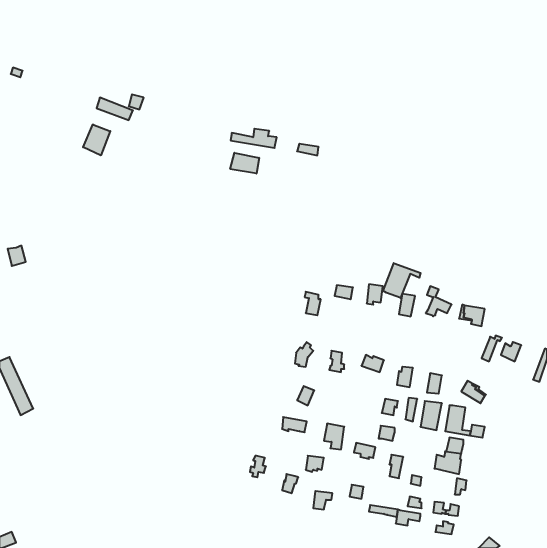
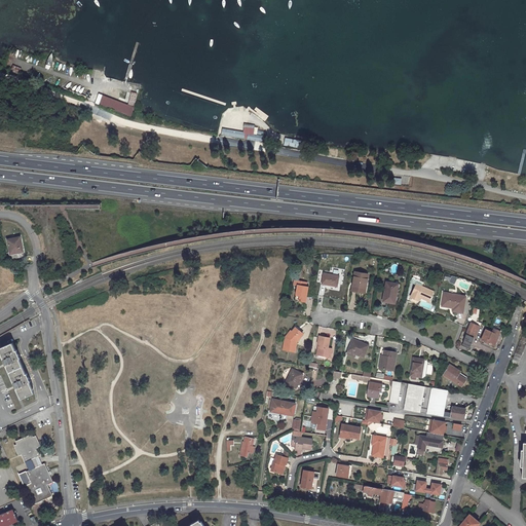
building: [83,124,110,155] -> none
building: [230,153,259,174] -> none
building: [383,263,421,298] -> none
building: none -> [14,434,52,503]

